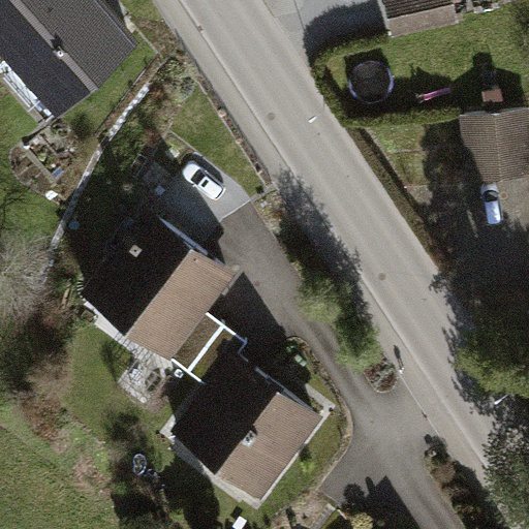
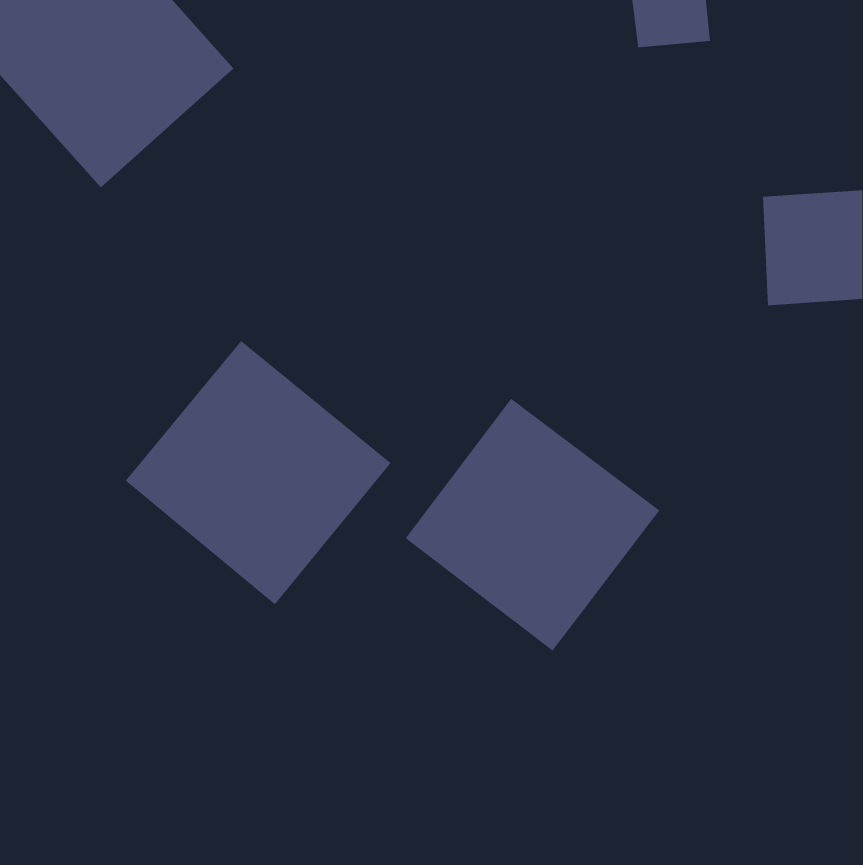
building: none -> [405,398,660,651]
building: [164,349,325,508] -> none

